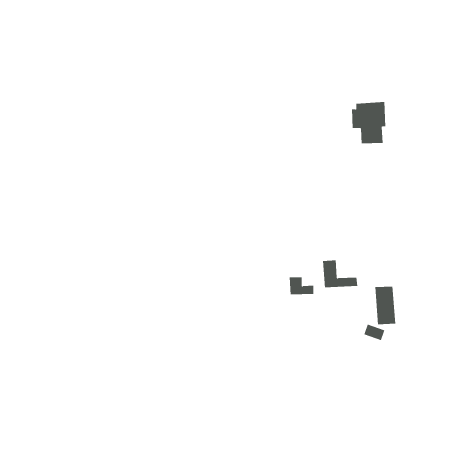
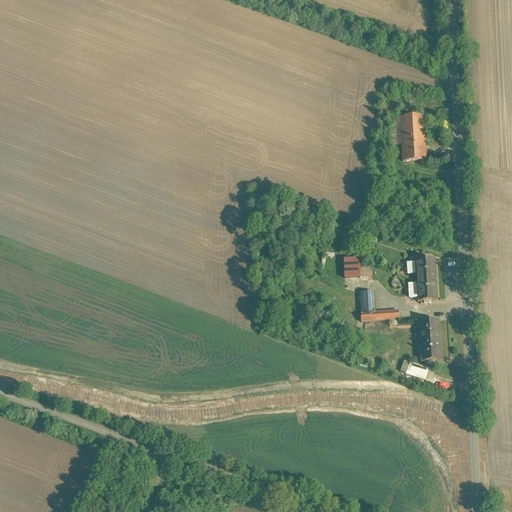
building: none -> [412,256,437,300]
building: [289,277,314,295] -> [343,255,371,275]

